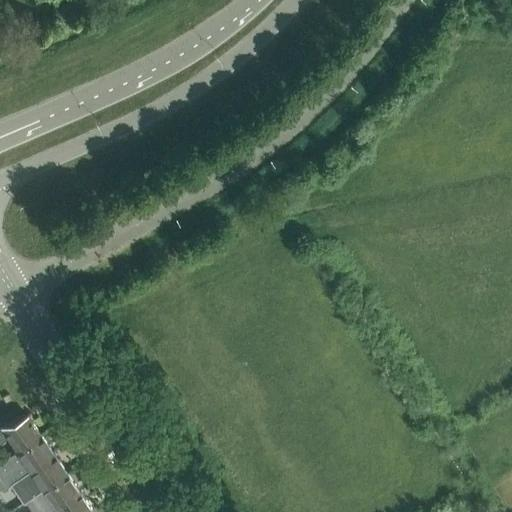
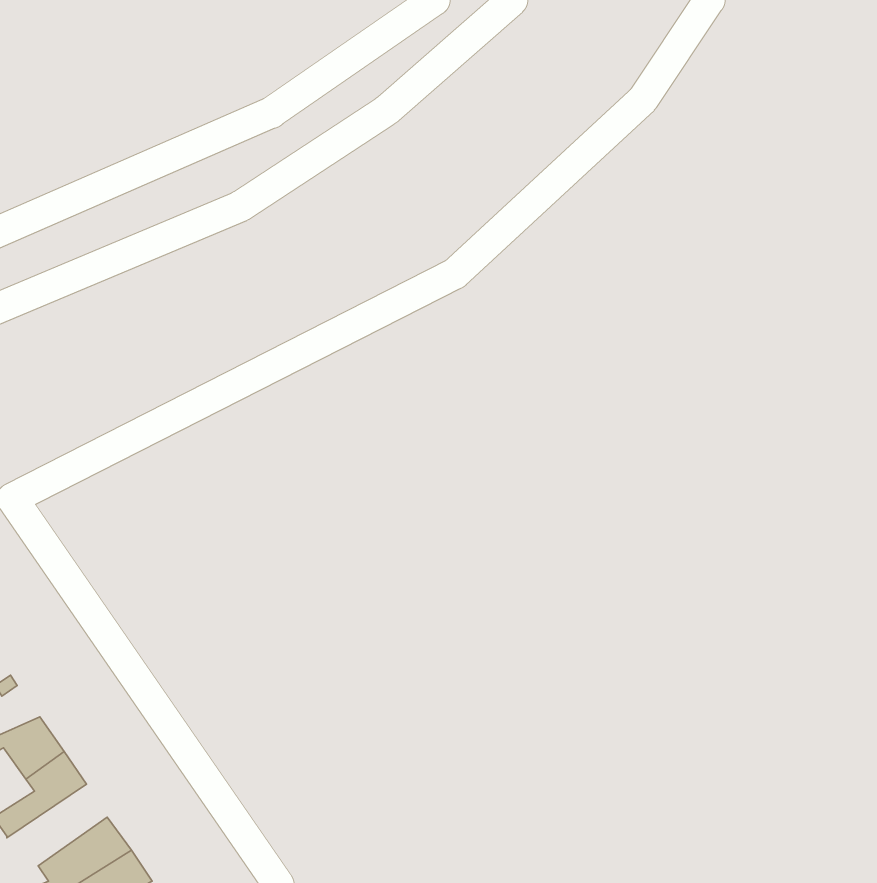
building: [6,454,62,502] -> none

